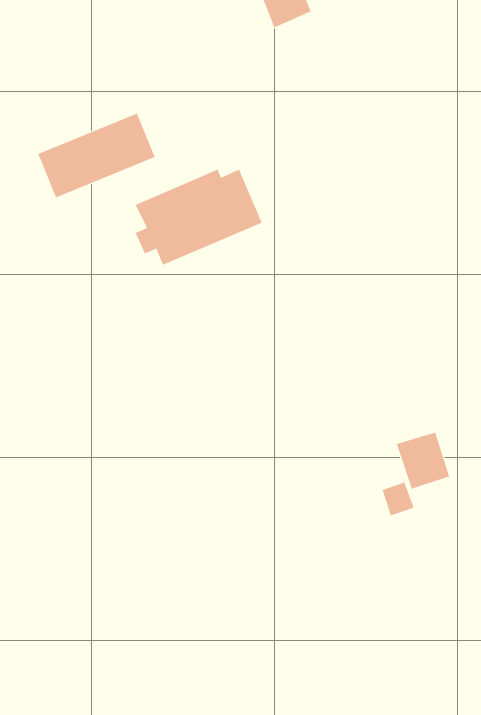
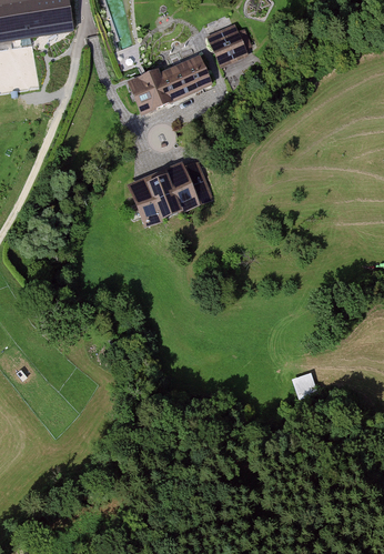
building: [38,113,155,198] -> [130,54,210,112]
building: [396,432,450,490] -> none

